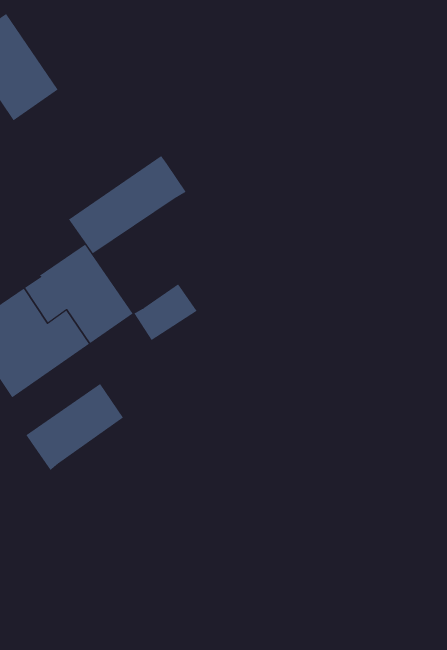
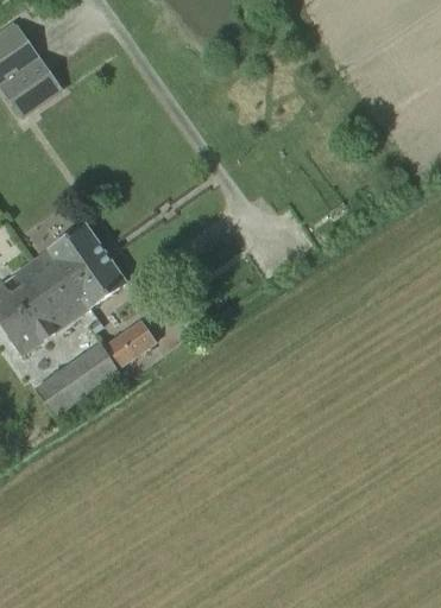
building: [68,155,186,254] -> none
building: [133,284,197,341] -> [100,319,156,369]

